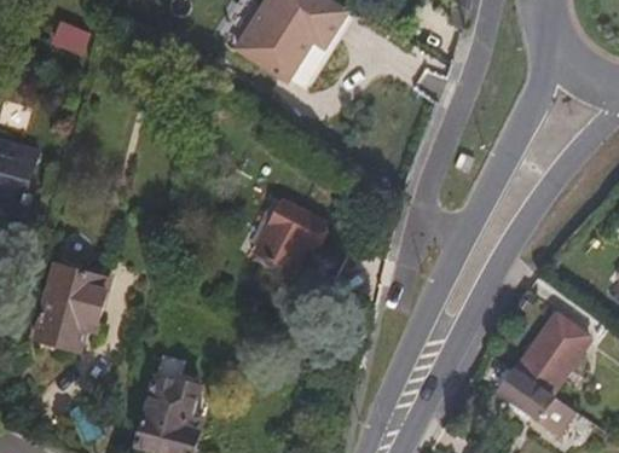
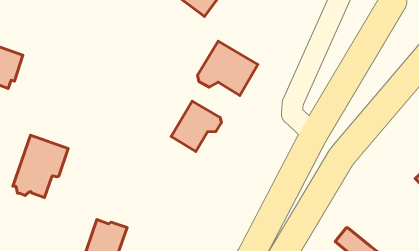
building: none -> [198,41,258,96]
building: [514,313,585,391] -> none

